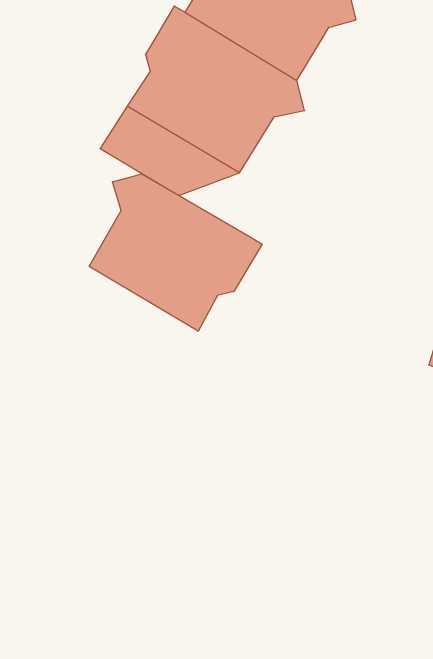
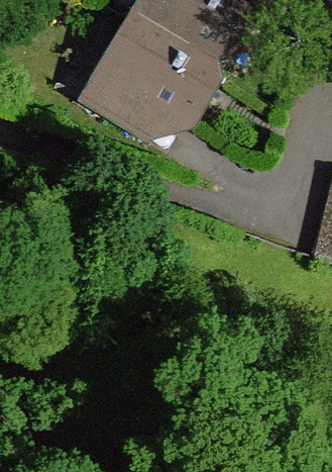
building: [89,174,262,331] -> none

